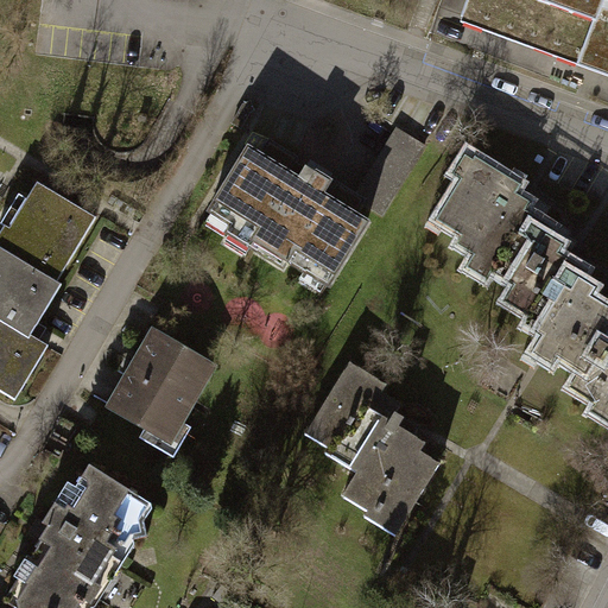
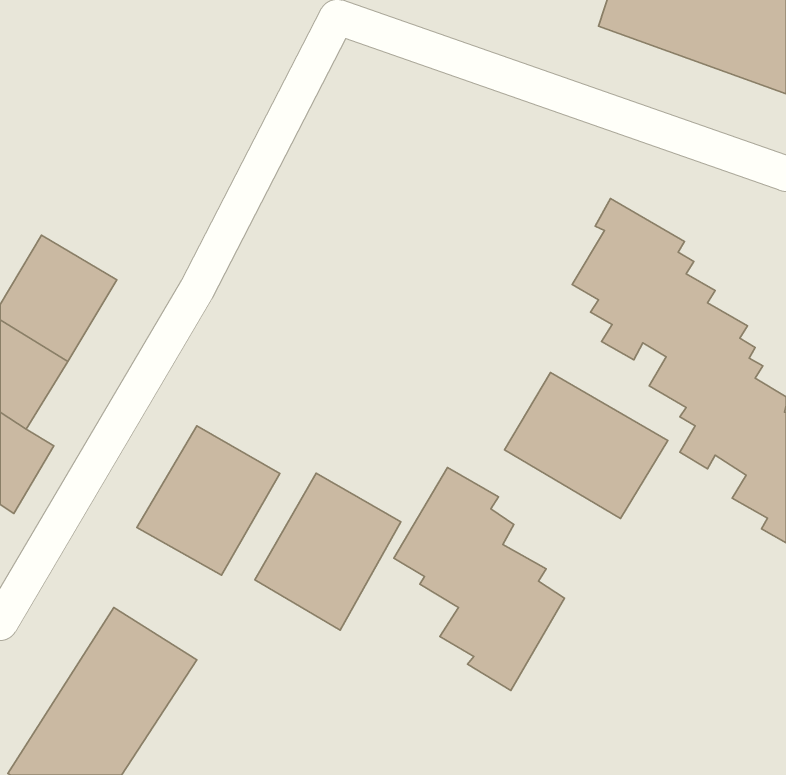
building: [210,147,368,285] -> none
building: none -> [504,372,668,519]
building: none -> [255,473,401,630]

